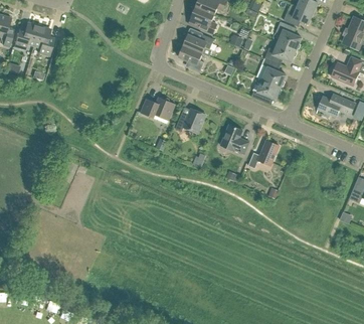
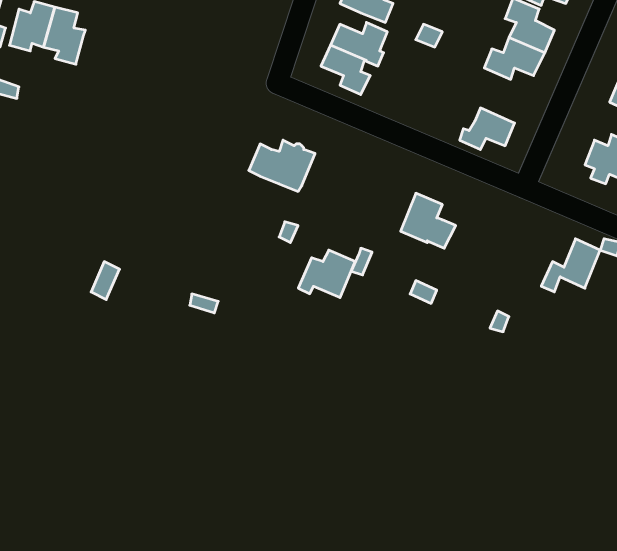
building: [261,57,286,87] -> none
building: [175,108,205,133] -> [298,250,355,298]
building: [247,140,279,168] -> [541,239,600,292]

